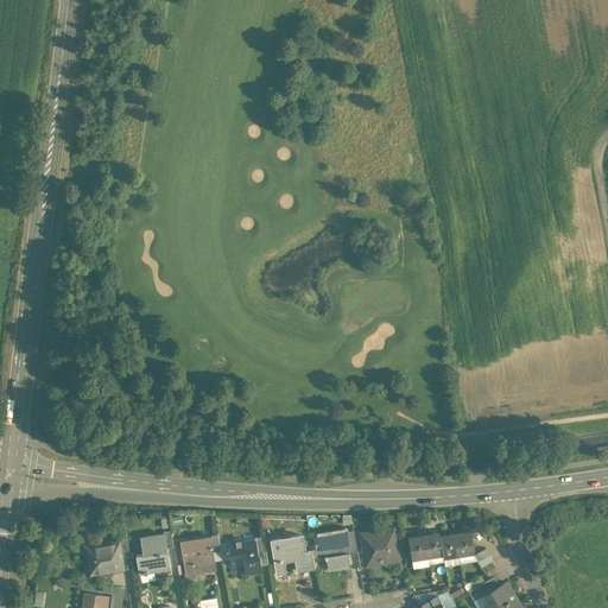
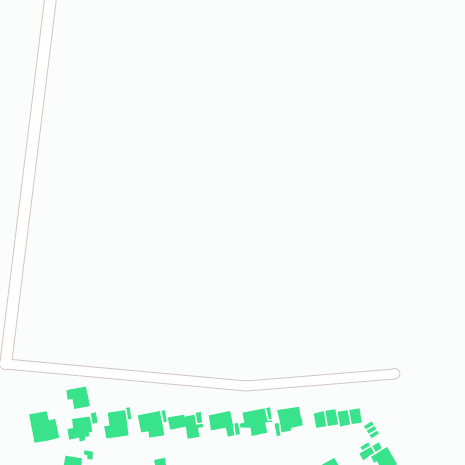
building: none -> [65,386,91,410]
building: none -> [28,411,60,444]

